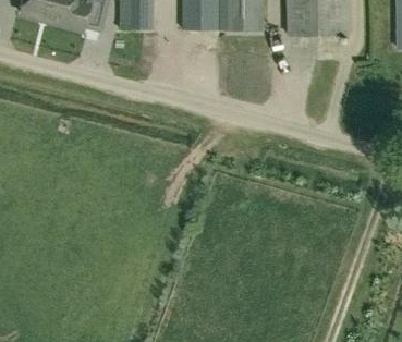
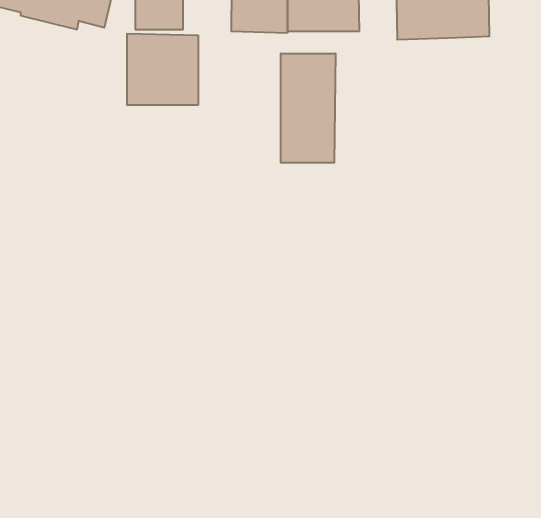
building: none -> [127,34,198,105]
building: none -> [281,53,336,163]

